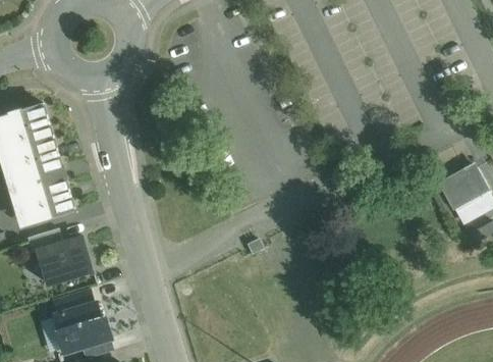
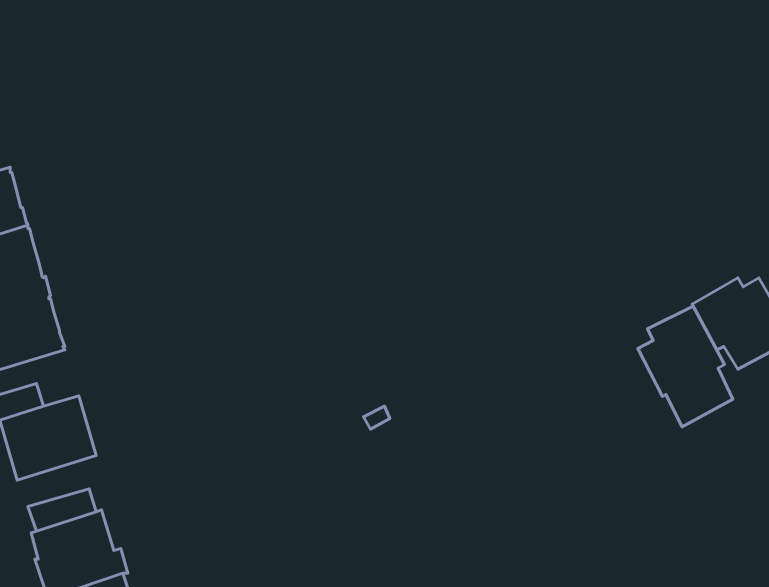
building: none -> [638,306,733,427]

